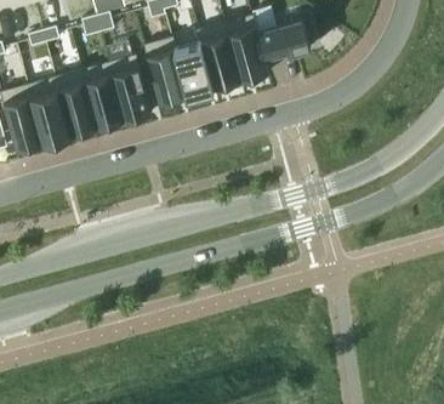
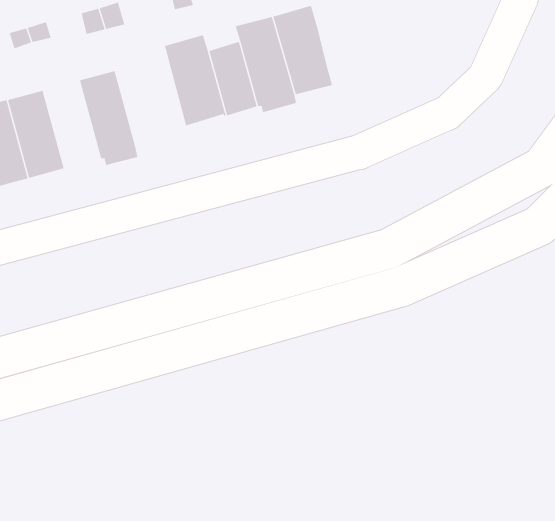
building: [257,19,311,61] -> none
building: [107,55,152,121] -> none
building: [53,70,96,136] -> none

